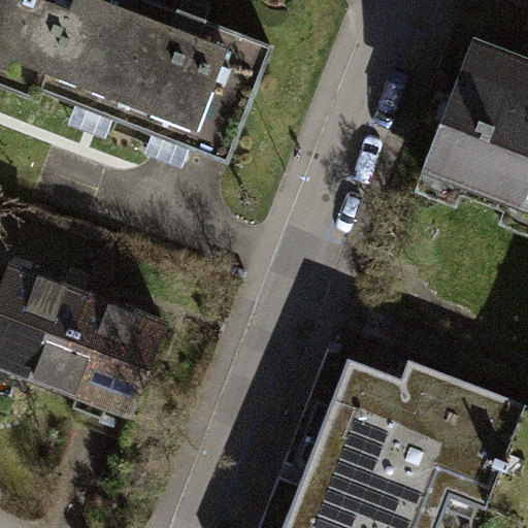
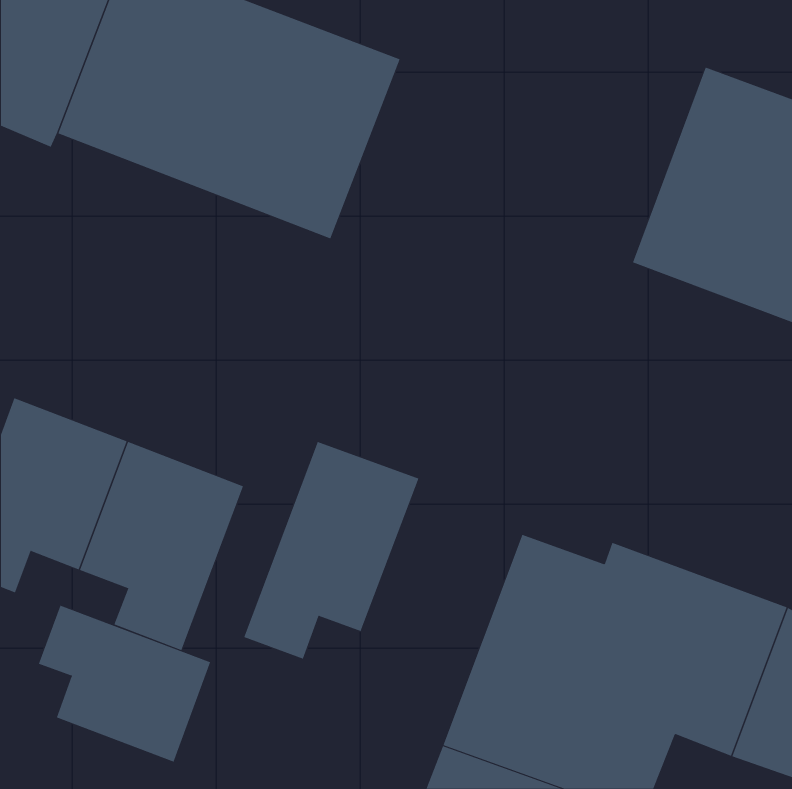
building: none -> [243,441,419,659]
building: none -> [38,605,211,763]

